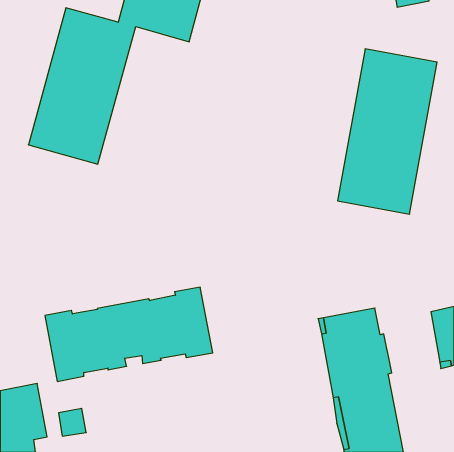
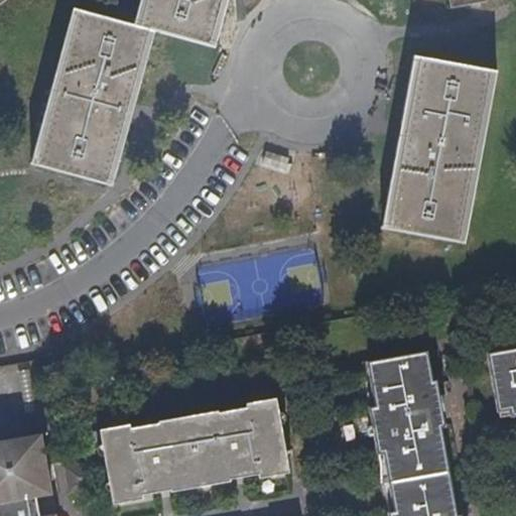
building: [45,287,213,381] -> [101,398,291,505]

